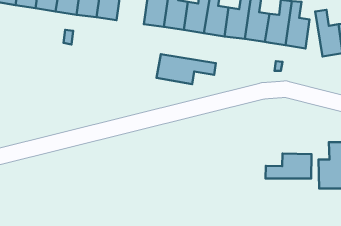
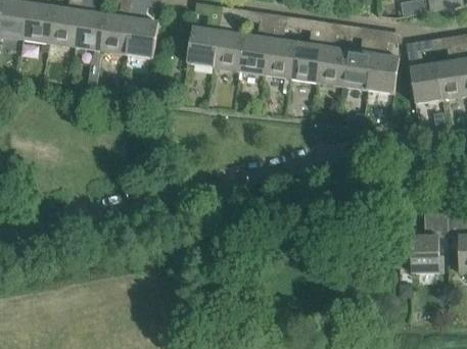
building: [156,54,216,84] -> none
building: [266,153,311,179] -> none

